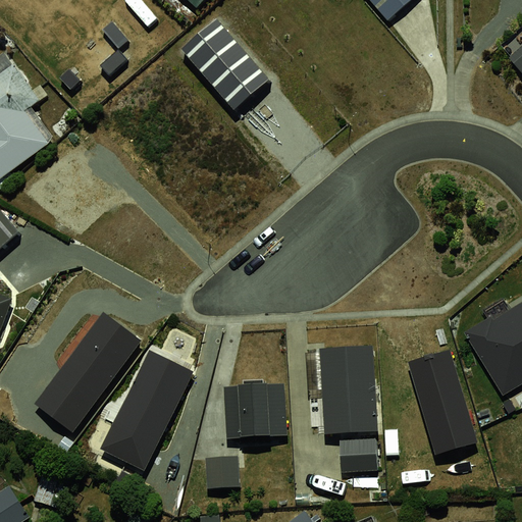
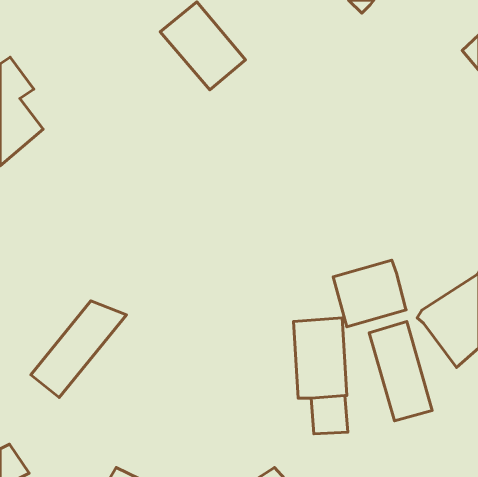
building: none -> [333,260,406,327]
building: [101,342,191,456] -> none
building: [228,376,290,439] -> none
building: [207,457,243,488] -> none

